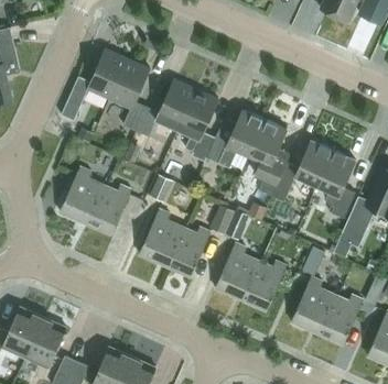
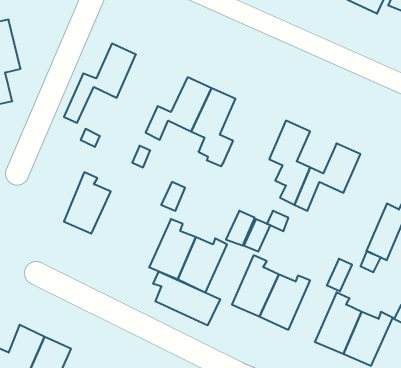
building: [109,58,150,130] -> none
building: [207,109,265,167] -> none
building: [317,150,355,218] -> none
building: [86,184,131,233] -> none
building: none -> [153,271,220,325]

